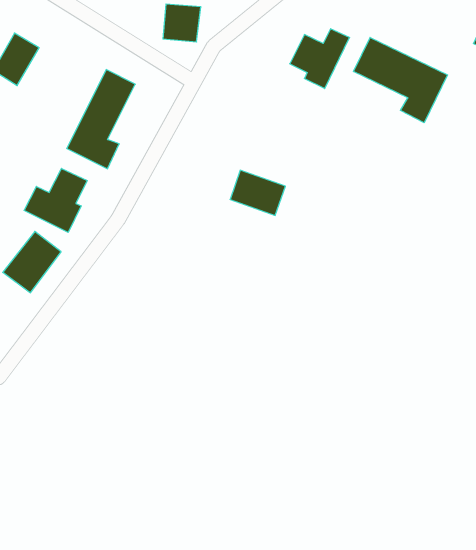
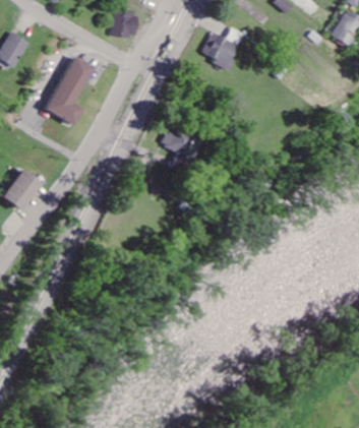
building: [354,37,447,123] -> none
building: [24,168,87,232] -> none

